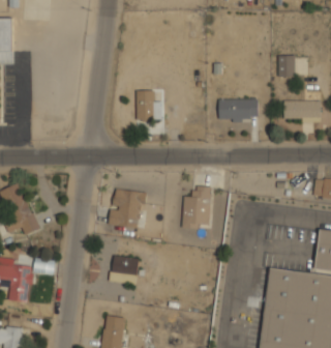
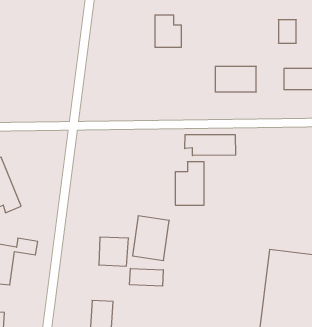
building: [136,89,160,119] -> [155,15,181,47]
building: none -> [185,135,236,156]
building: [109,186,143,228] -> [133,216,169,260]
building: none -> [130,268,163,286]

